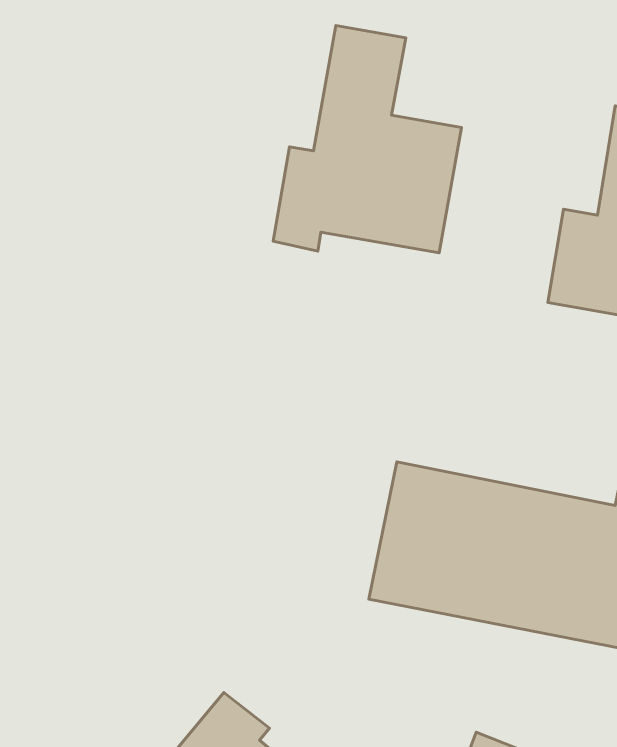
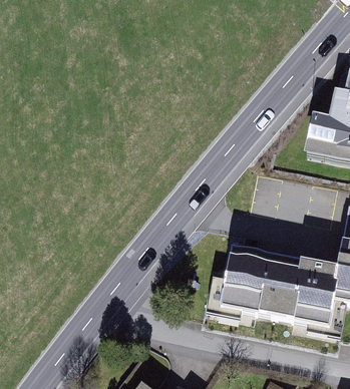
building: [273,26,461,253] -> none

